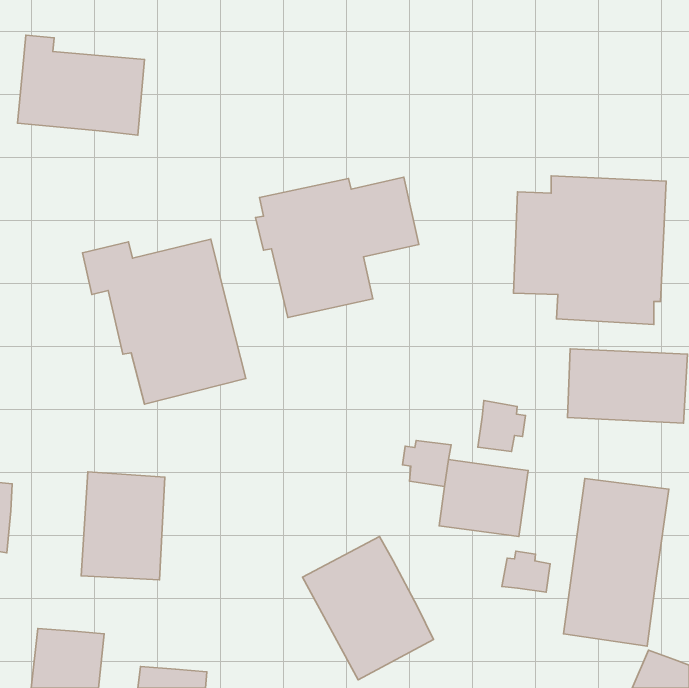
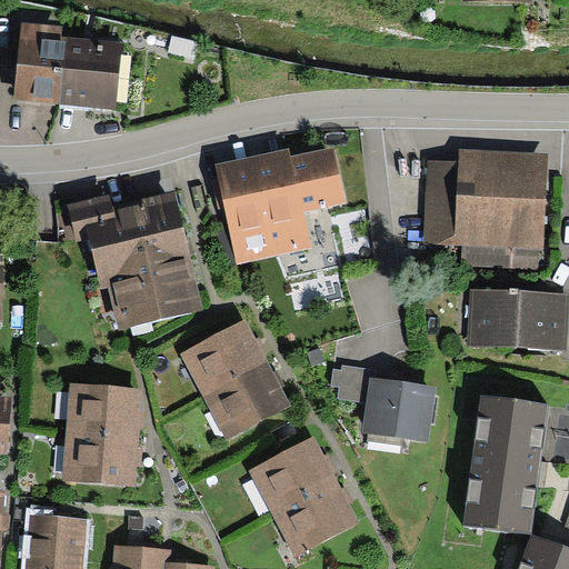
building: none -> [181,323,289,441]
building: [478,401,525,452] -> none
building: [502,551,550,592] -> none

